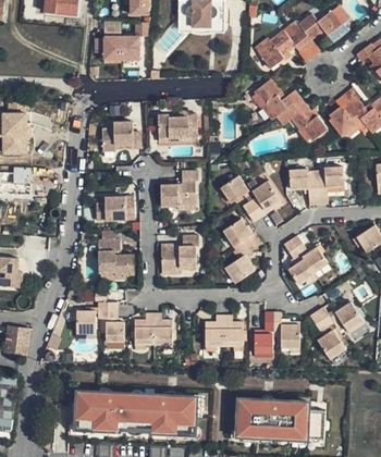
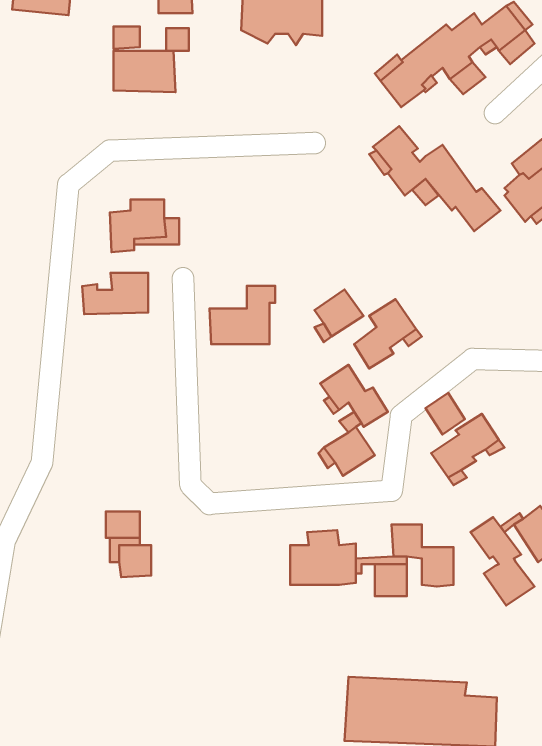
building: [157,114,197,143] -> none
building: [288,165,344,202] -> none
building: [97,197,135,221] -> [82,273,148,314]
building: [161,237,199,272] -> none
building: [99,240,135,276] -> none
building: [77,310,96,333] -> none
building: [135,313,173,343] -> none
building: [75,391,196,433] -> none

